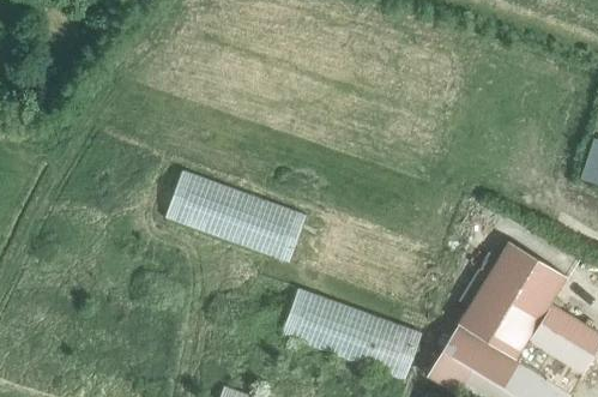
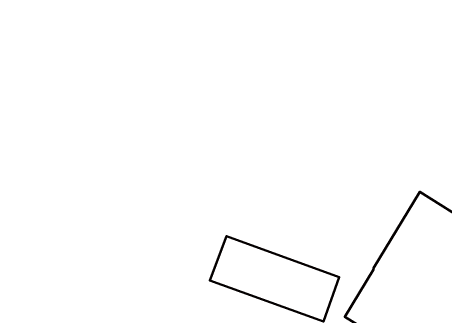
building: [165,169,306,263] -> none

